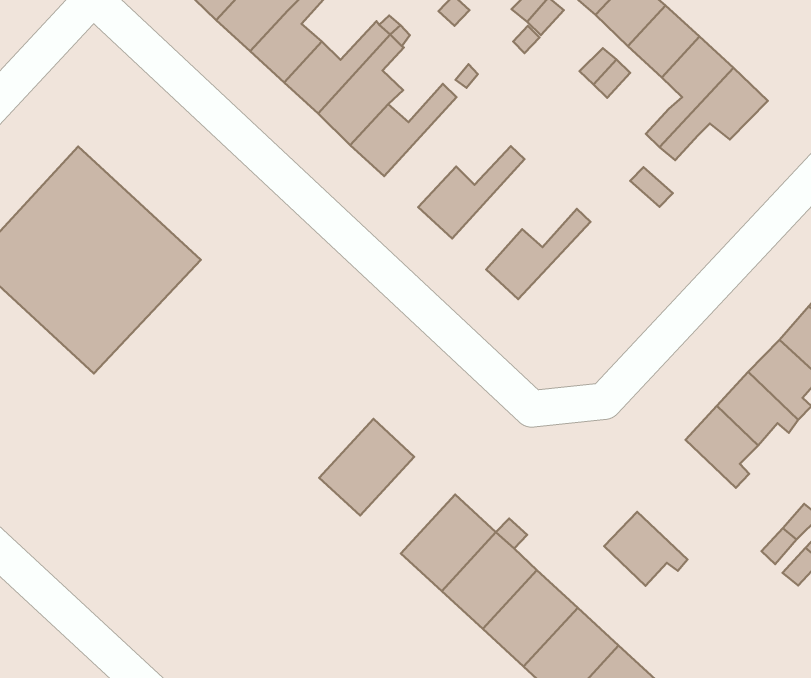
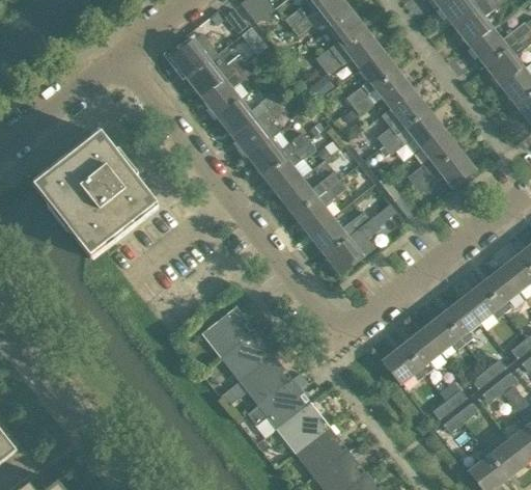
building: none -> [262,139,314,195]
building: none -> [294,179,345,235]
building: none -> [324,205,394,274]
building: none -> [220,329,273,380]
building: [604,512,687,586] -> [381,344,424,384]

